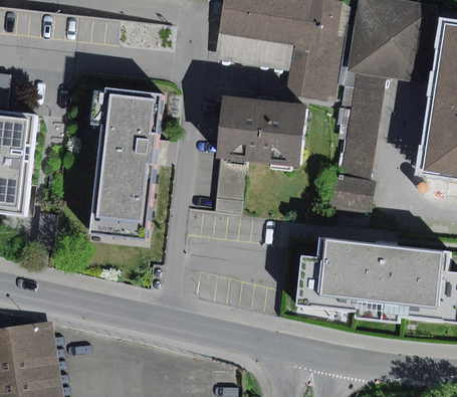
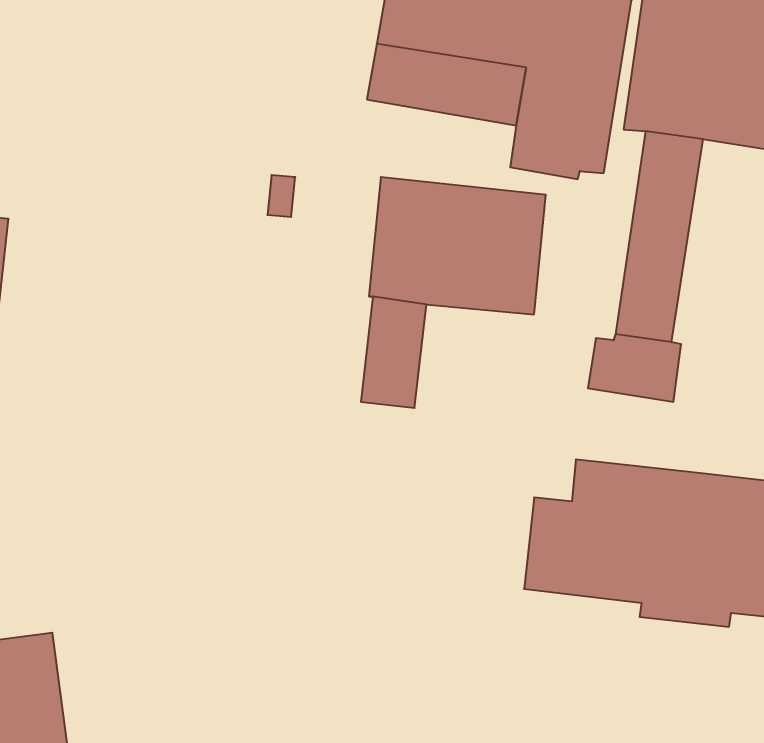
building: [92,87,161,236] -> none

